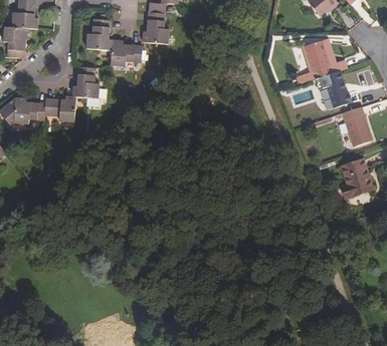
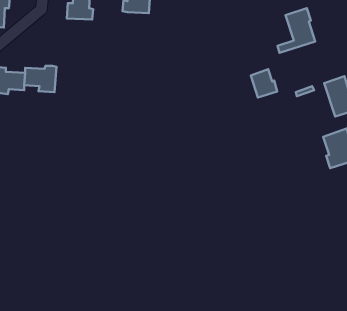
building: [110,39,142,65] -> none
building: [72,66,99,106] -> none
building: [326,79,352,107] -> [251,69,277,98]

